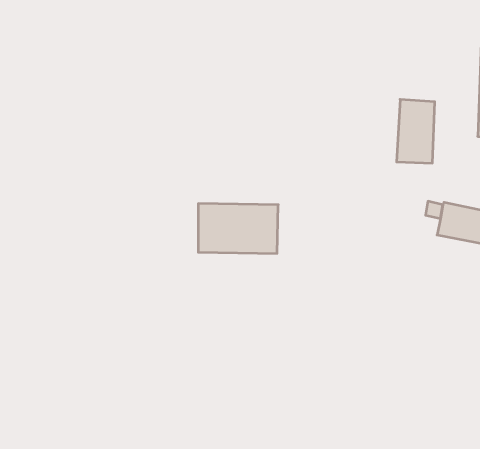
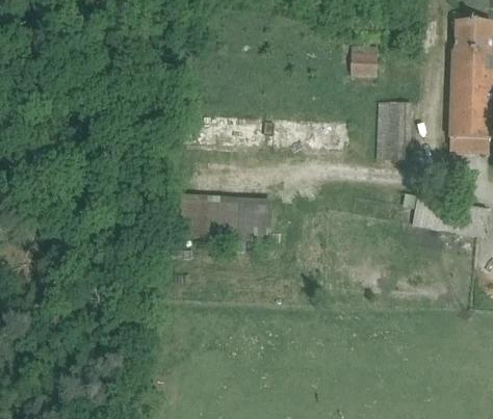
building: none -> [349,47,377,77]

